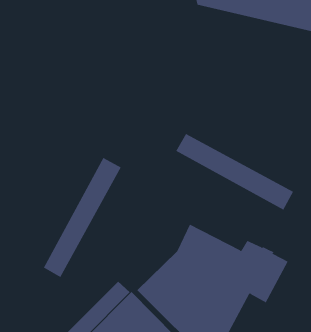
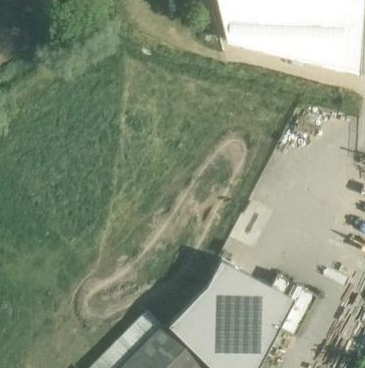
building: [175,133,294,211] -> none
building: [43,157,122,278] -> none

